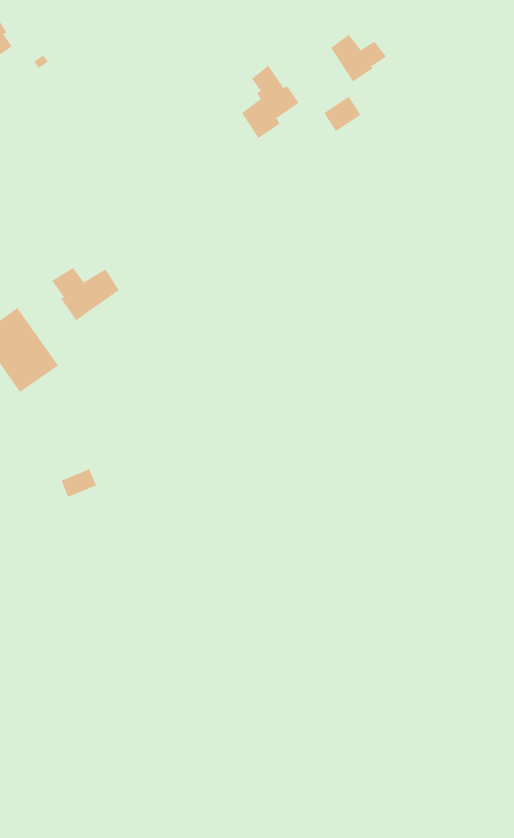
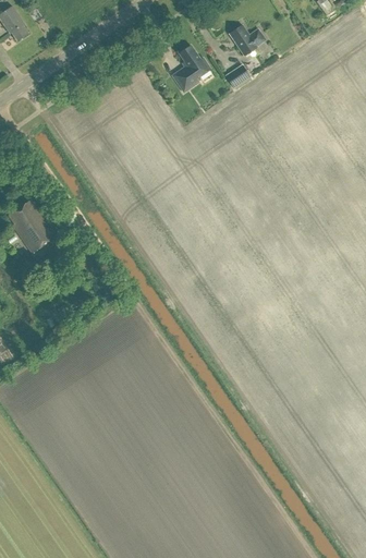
building: [51,267,119,321] -> none

